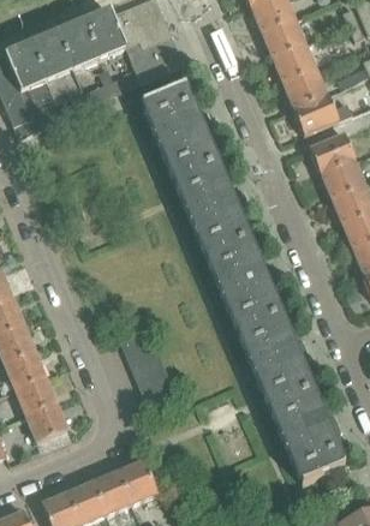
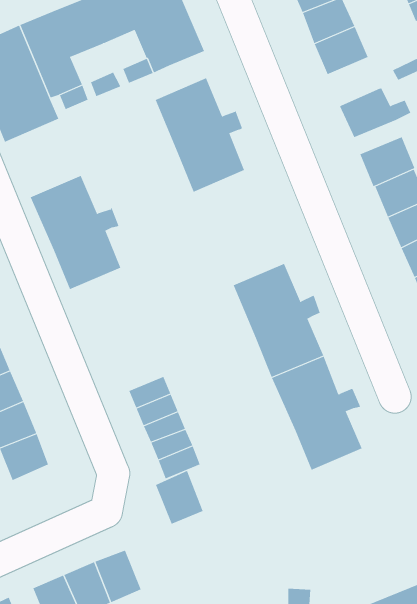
building: [282,68,326,108] -> none
building: [173,161,247,255] -> [30,175,121,290]
building: [269,388,344,483] -> none
building: [25,401,67,441] -> none
building: [118,459,157,503] -> [155,470,204,524]

